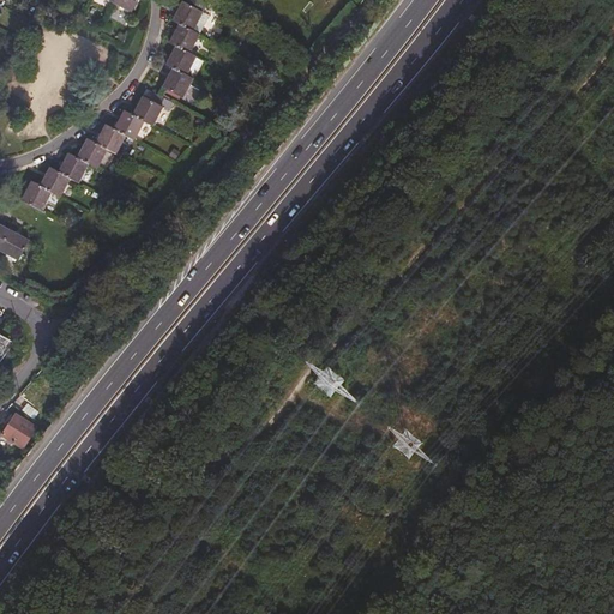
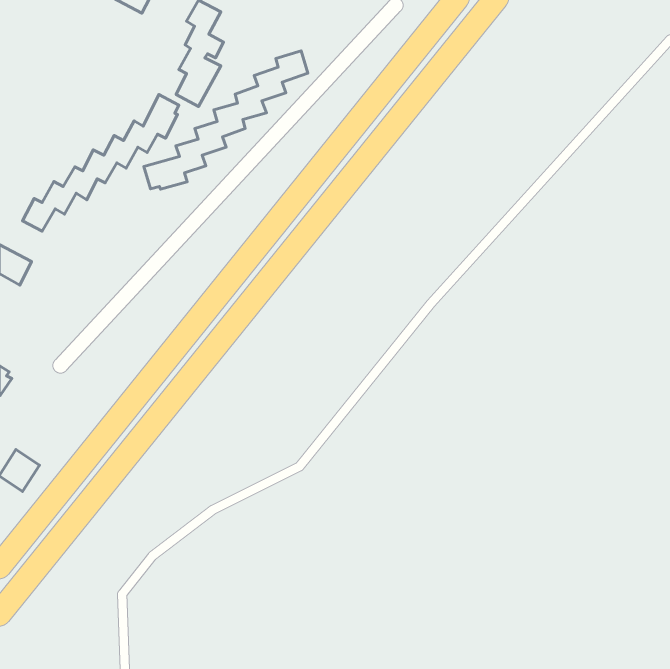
building: none -> [144,51,308,189]

